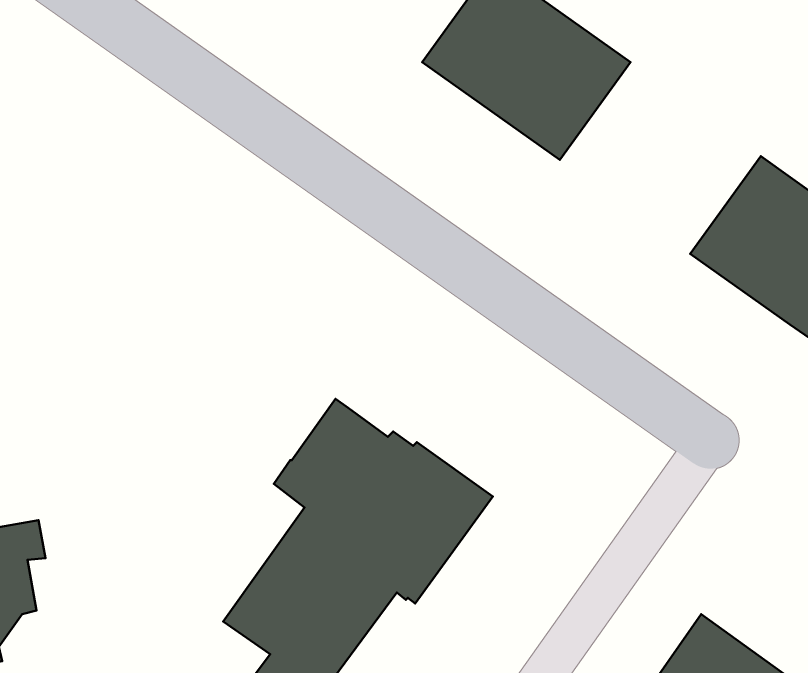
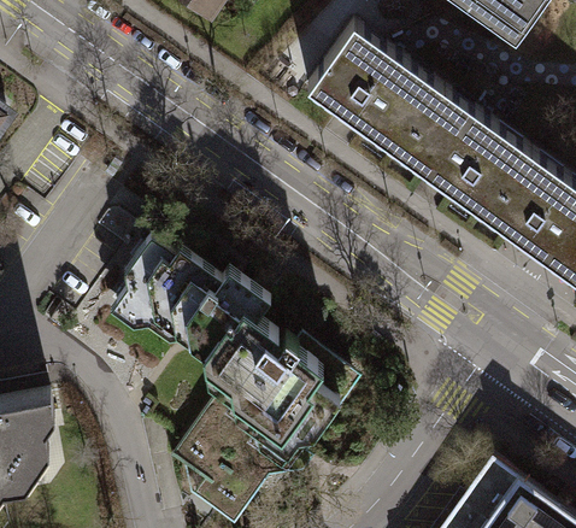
building: none -> [398,92,531,219]
building: none -> [116,241,270,357]

